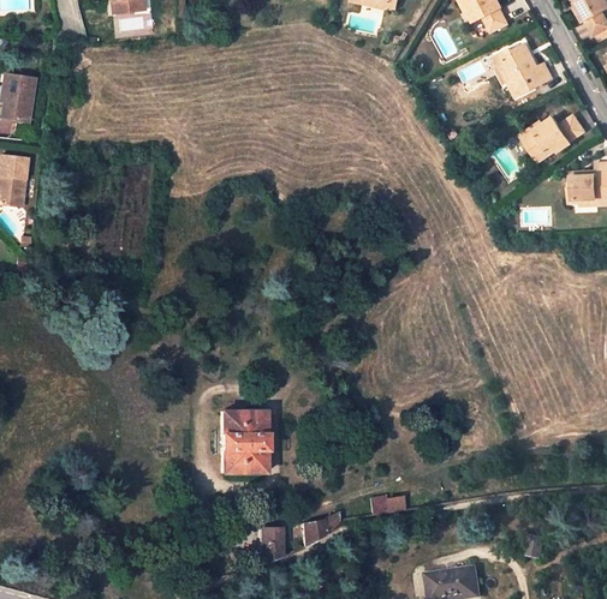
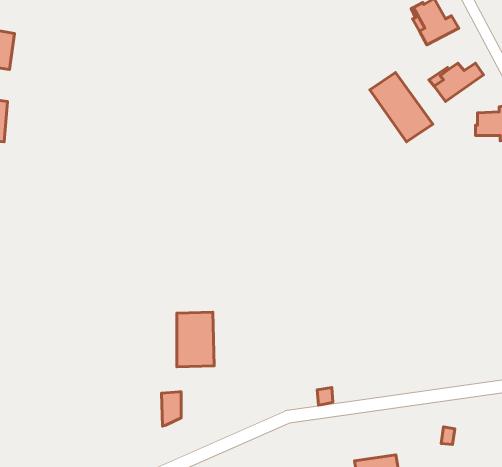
building: none -> [370,72,433,142]
building: [305,511,344,544] -> none
building: [261,522,284,562] -> [162,392,181,426]

